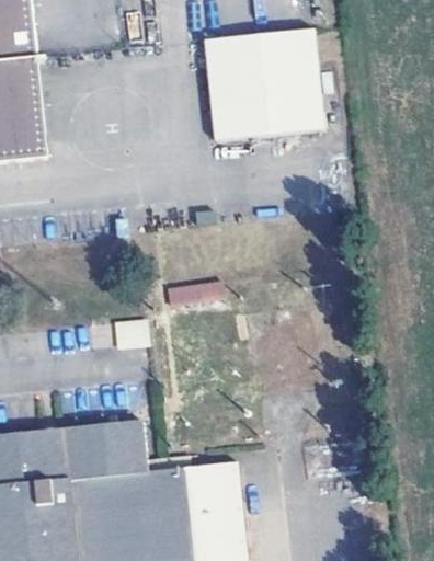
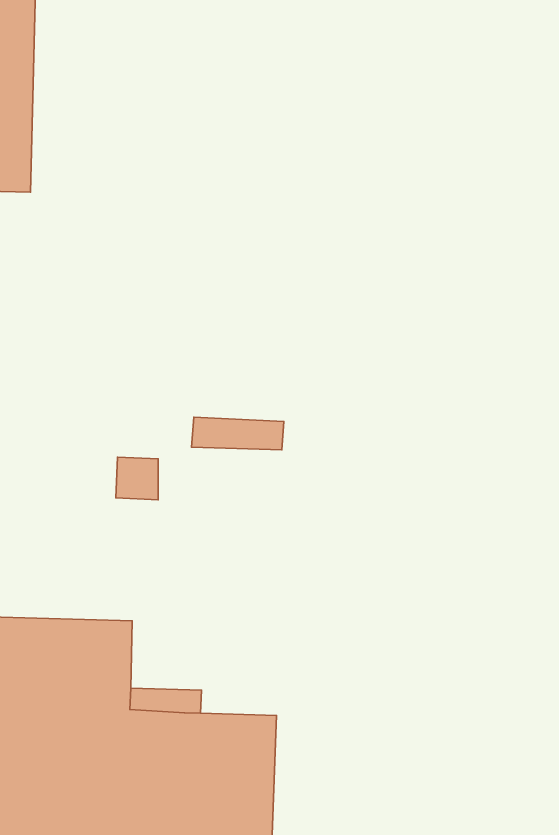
building: [203,32,321,145] -> none

